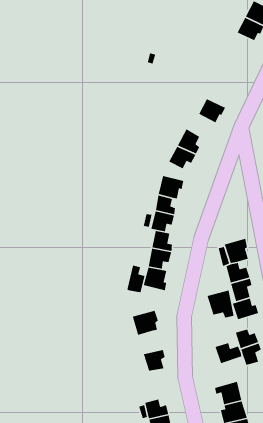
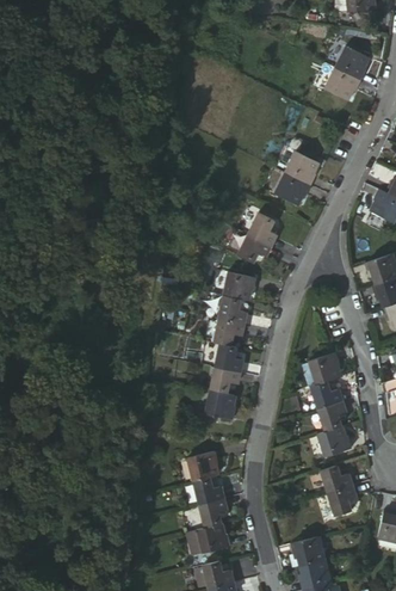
building: none -> [284,153,316,186]
building: [127,264,145,294] -> none
building: [206,289,234,319] -> none
building: none -> [196,472,229,500]
building: [215,342,242,364] -> none
building: none -> [193,519,240,550]

